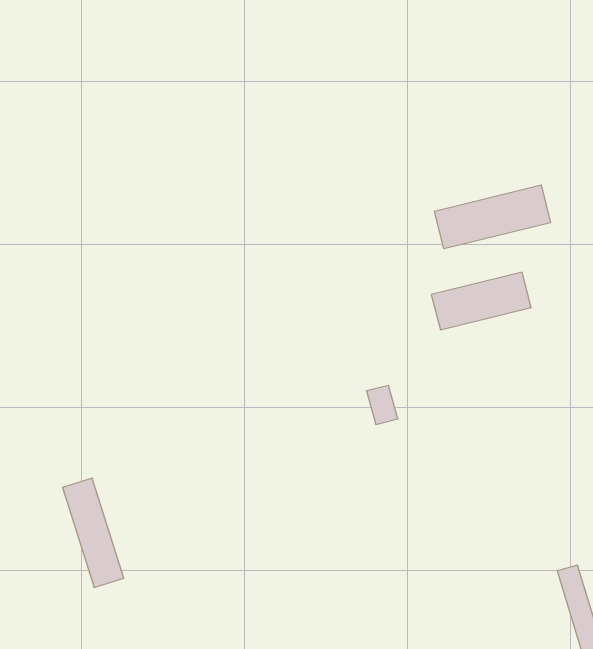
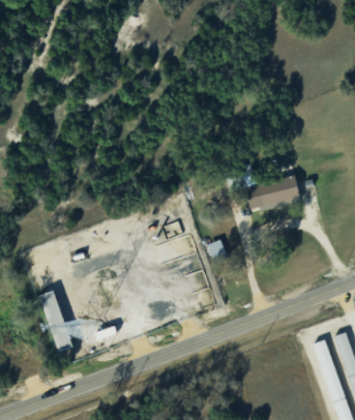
building: [435,185,550,249] -> none

